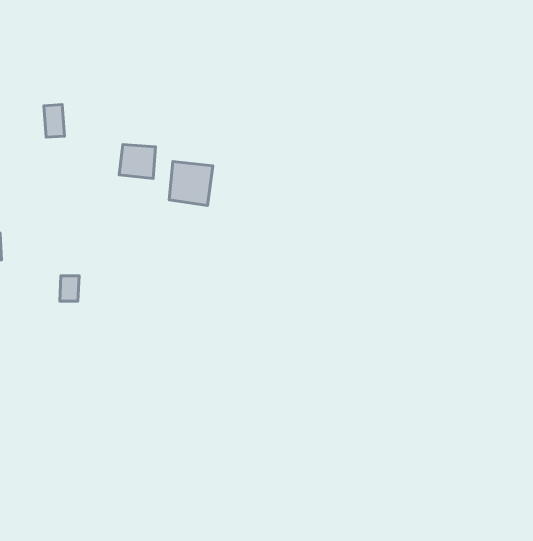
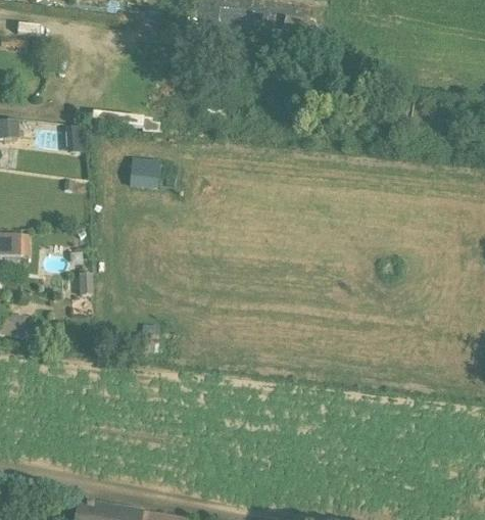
building: [169,161,213,205] -> none

